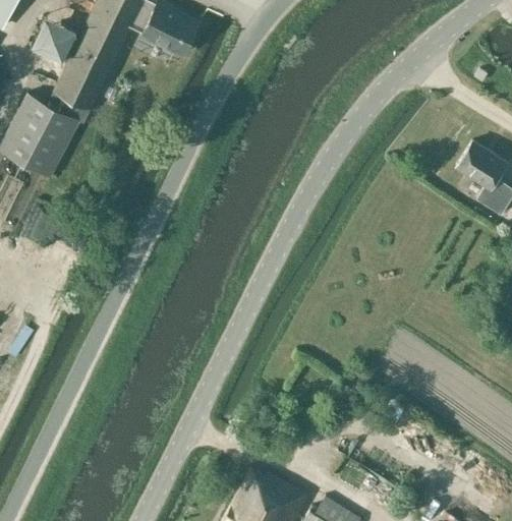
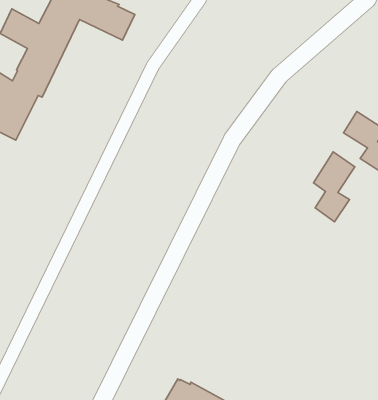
building: none -> [313,152,355,222]

